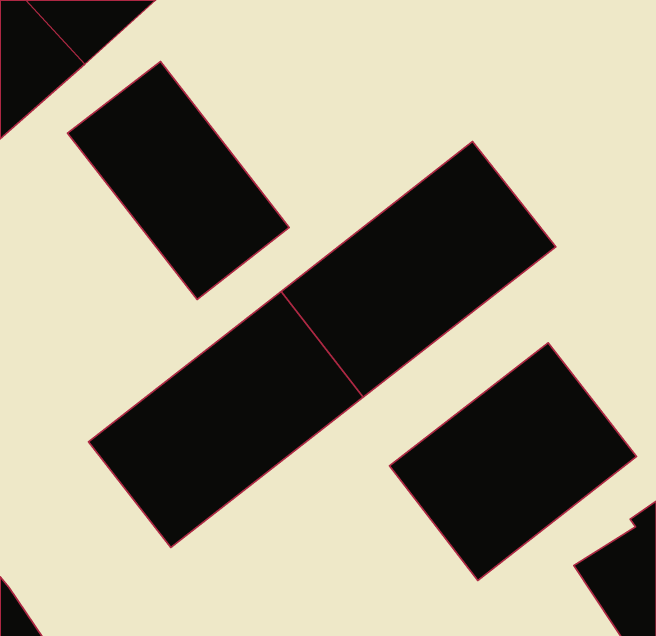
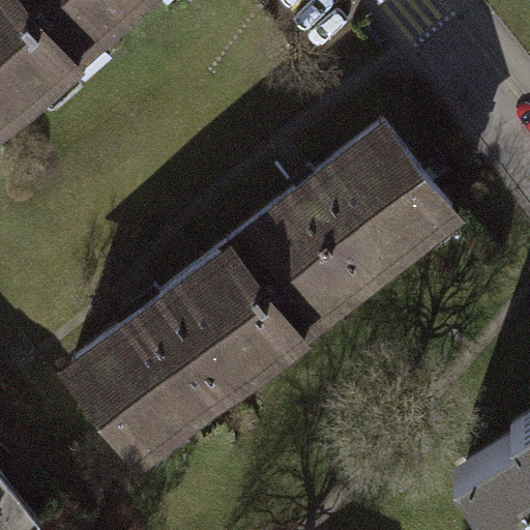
building: [67,61,289,299] -> none
building: [390,343,637,580] -> none

